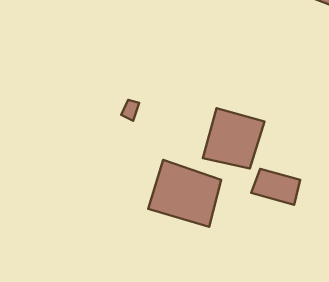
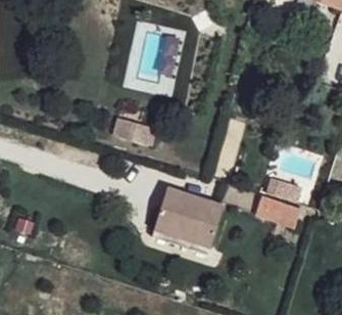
building: [203,108,265,168] -> none

